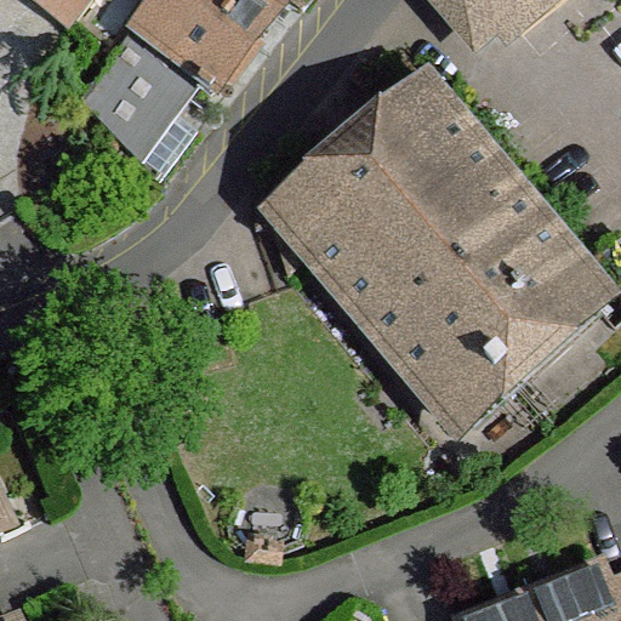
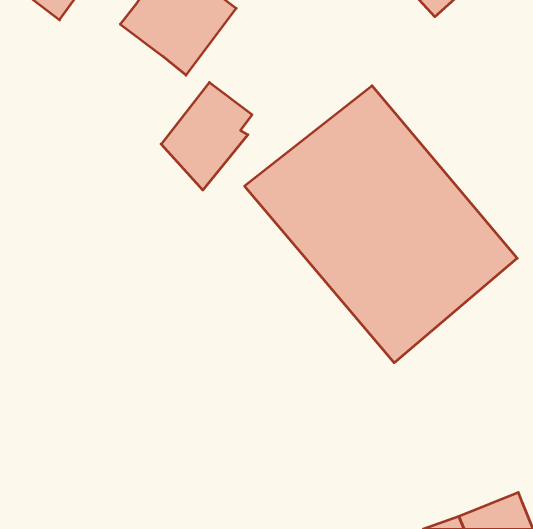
building: [84,28,189,153] -> [161,82,252,190]

